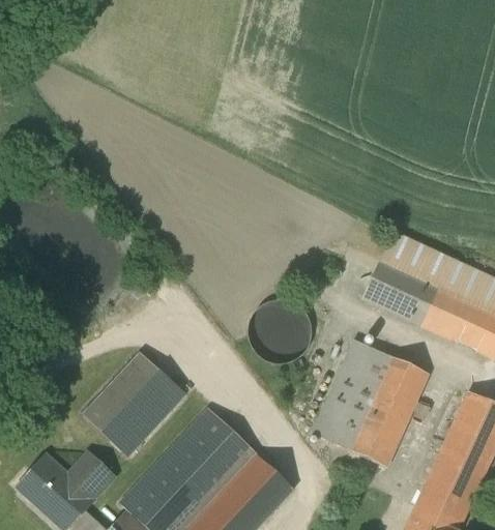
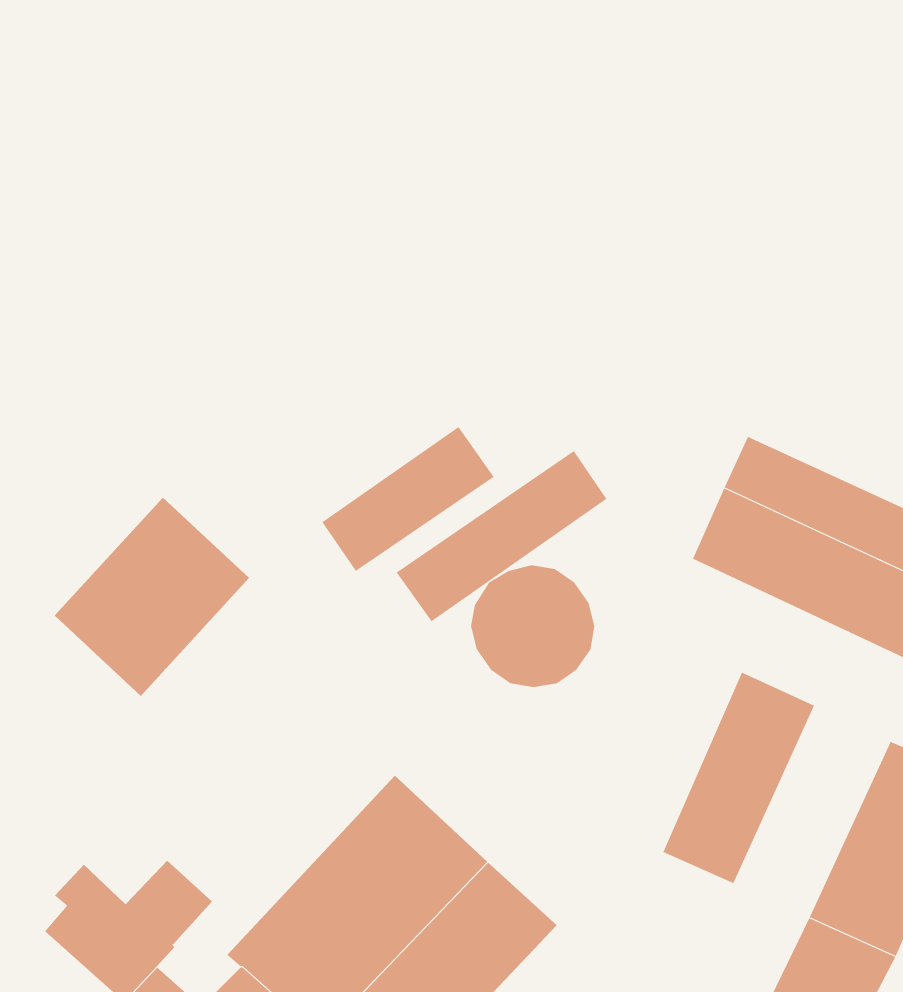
building: none -> [322,426,494,572]
building: none -> [396,450,607,622]
building: [312,338,389,449] -> none
building: [83,352,185,457] -> [54,497,250,697]

